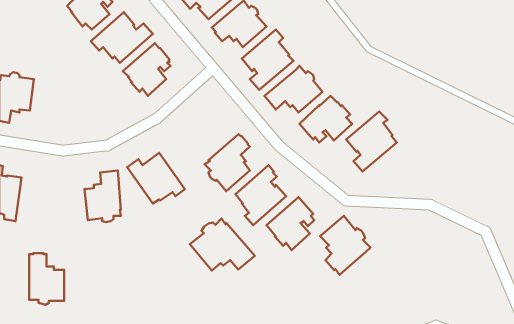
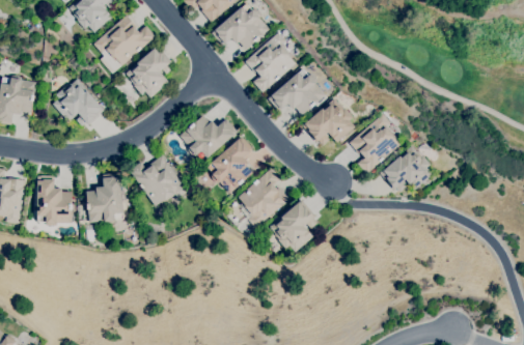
building: none -> [53,79,105,126]
building: none -> [180,115,238,162]
building: none -> [380,146,433,193]
building: [320,216,370,275] -> none
building: [190,219,255,270] -> none
building: [29,253,64,305] -> [37,175,73,227]

